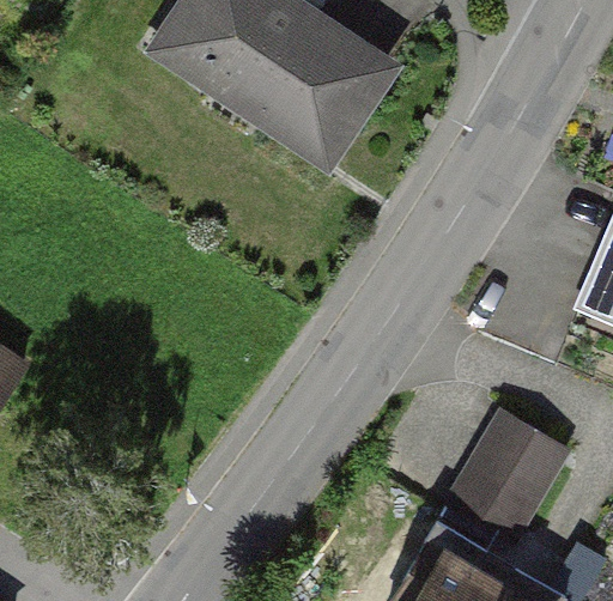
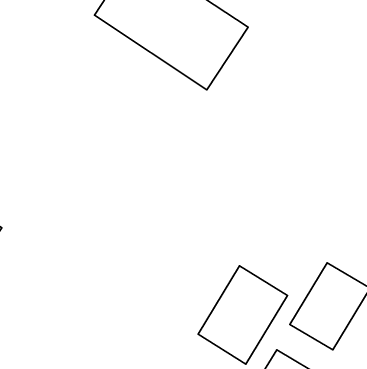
building: none -> [198,266,287,364]

